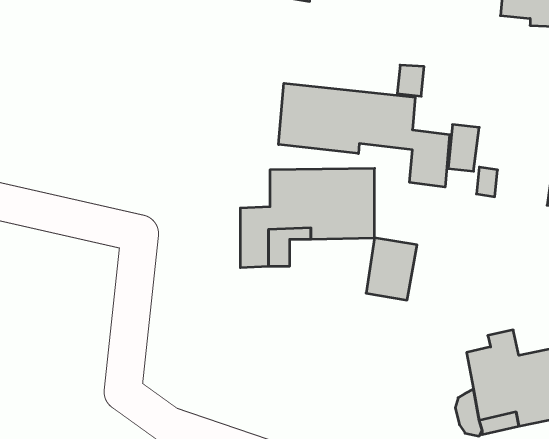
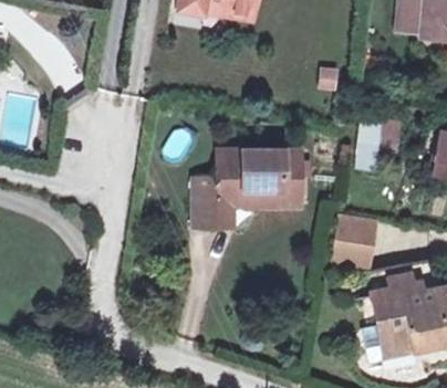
building: [279,83,450,187] -> none
building: [366,238,417,300] -> [336,218,376,266]

